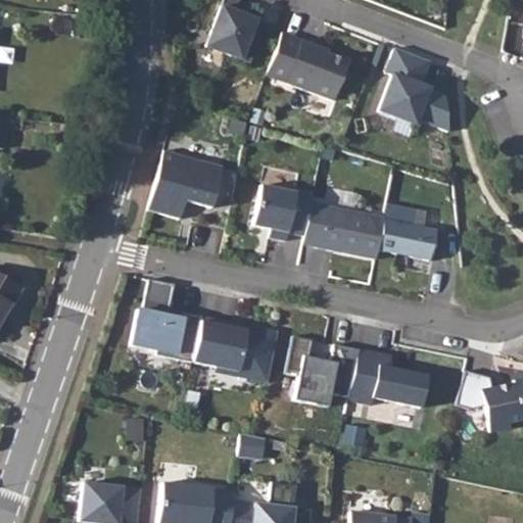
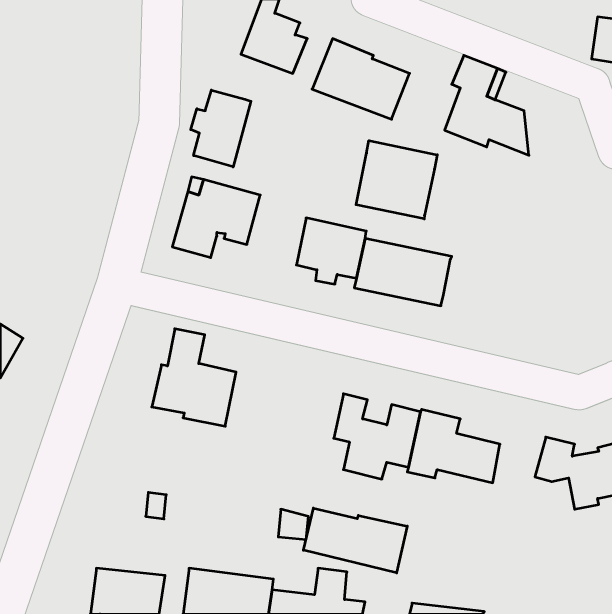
building: none -> [191,90,251,167]
building: none -> [356,141,437,219]
building: [379,220,438,262] -> none
building: [194,316,280,382] -> none
building: none -> [303,508,407,573]

